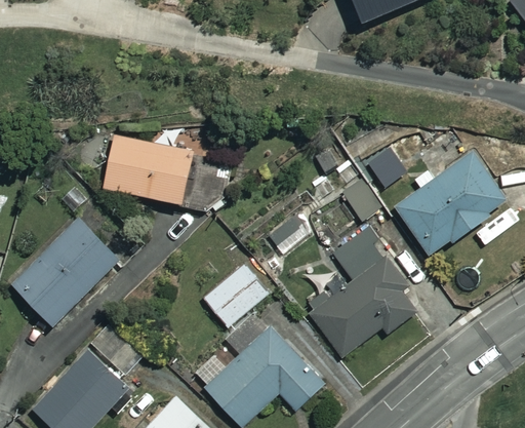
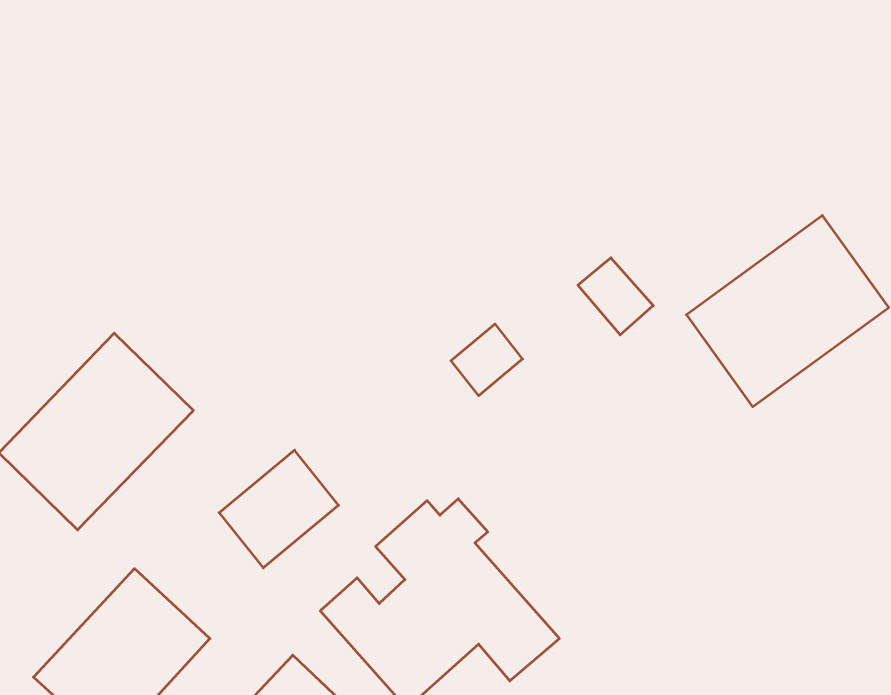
building: [102,134,215,210] -> none
building: [304,227,423,356] -> none
building: [201,261,268,326] -> [219,450,339,568]

